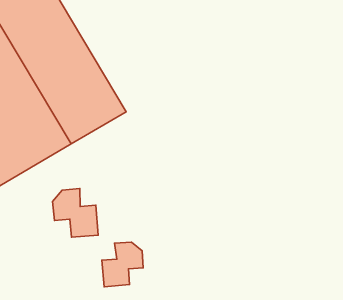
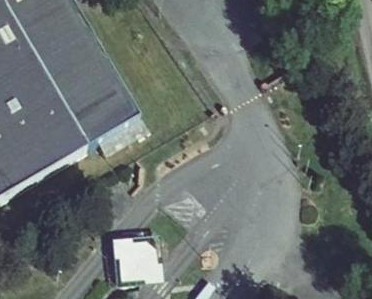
building: [53,188,98,237] -> none

